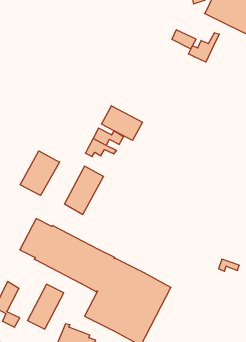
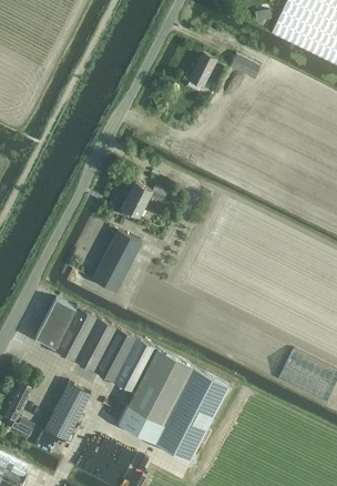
building: none -> [188,54,216,88]
building: [188,33,219,62] -> none
building: [101,106,142,140] -> none
building: [20,151,60,195] -> none

